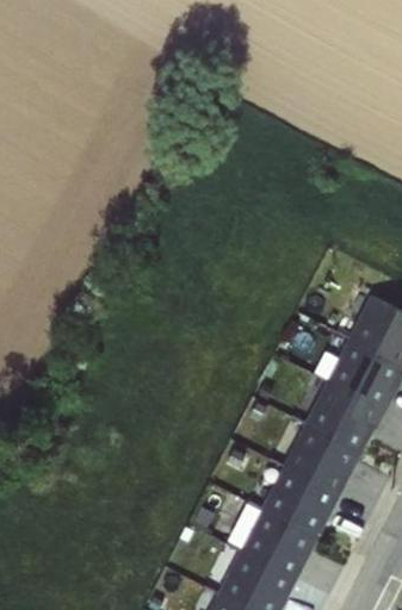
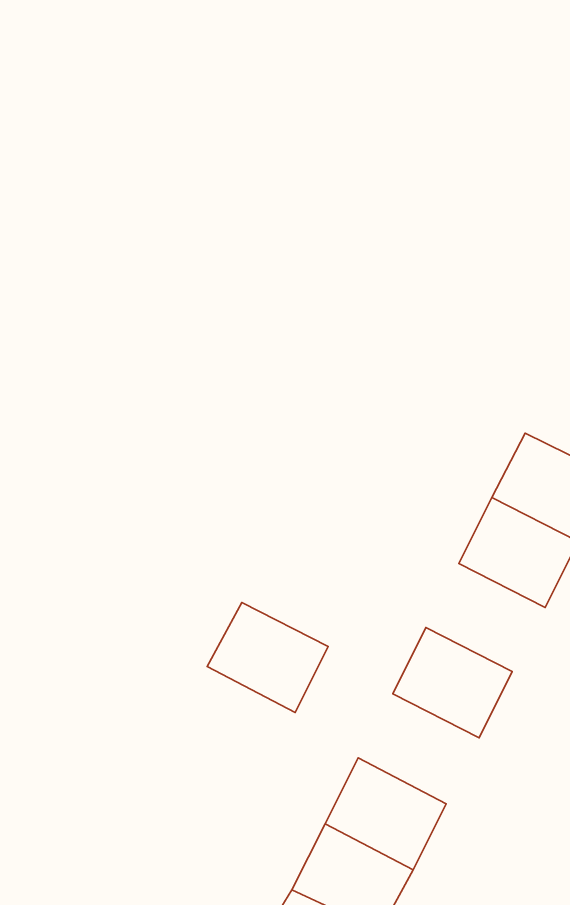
building: [304,382,382,453] -> none
building: [260,467,339,539] -> [207,602,328,712]

